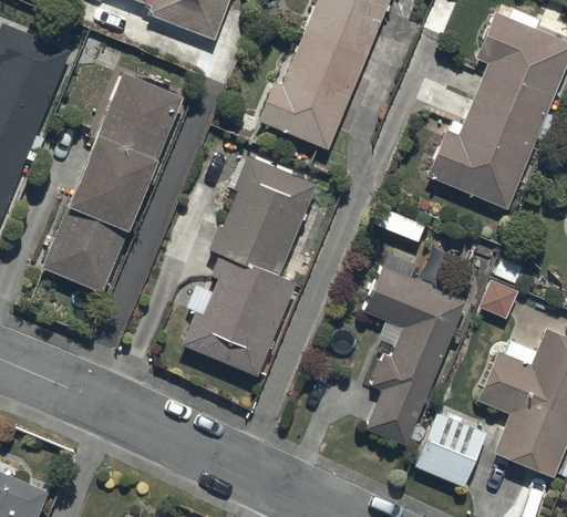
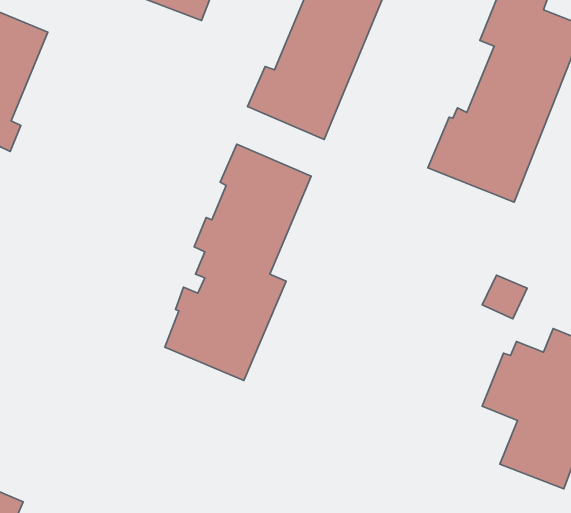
building: [41,72,183,293] -> none
building: [364,250,467,445] -> none
building: [415,411,487,486] -> none

